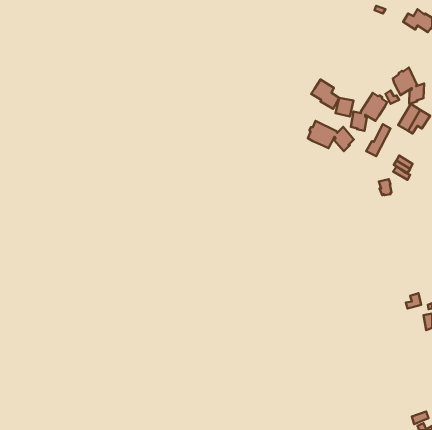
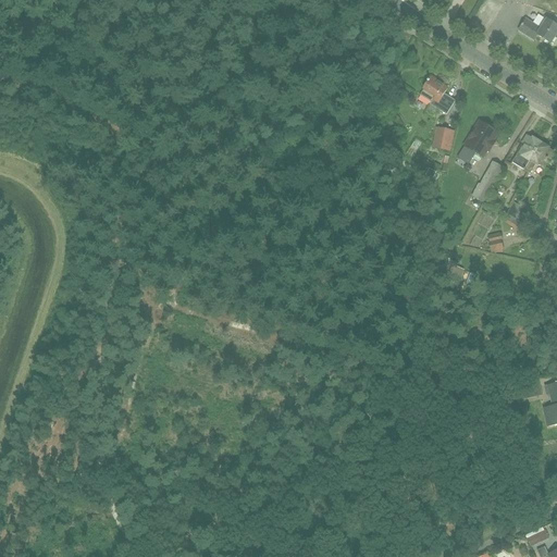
building: [393,68,424,104] -> none
building: [311,79,339,109] -> [419,75,455,113]
building: [308,121,354,151] -> none

